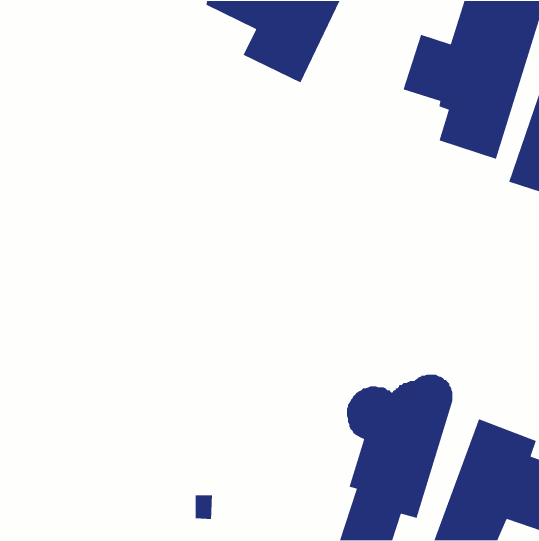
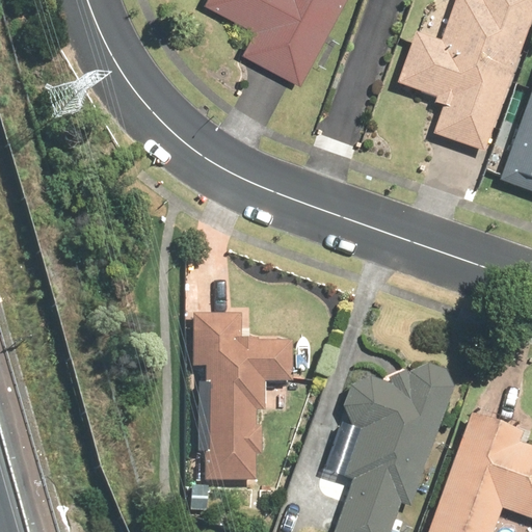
building: none -> [195,312,295,479]

